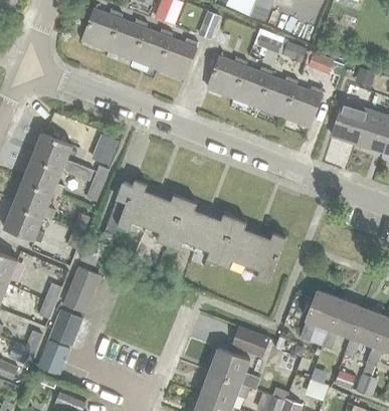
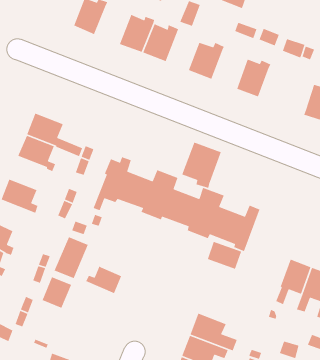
building: [106,17,146,59] -> none
building: [232,65,271,108] -> none
building: [282,84,322,126] -> none
building: [91,134,119,166] -> none
building: none -> [181,142,222,189]
building: [13,180,54,221] -> none
building: none -> [85,266,122,294]
building: [231,327,269,358] -> [207,241,242,270]
building: [36,340,68,375] -> none

